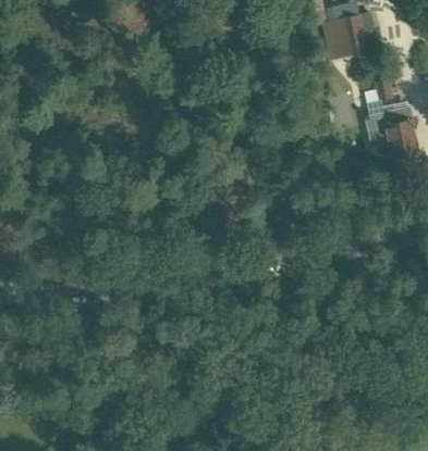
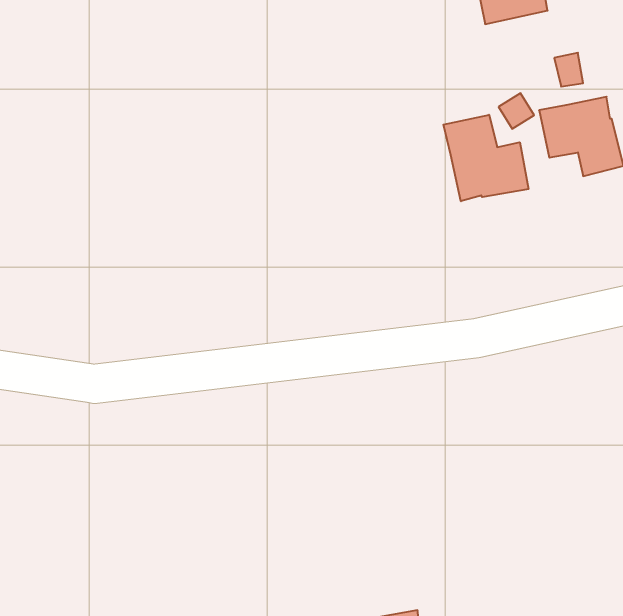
building: none -> [443,115,528,201]

